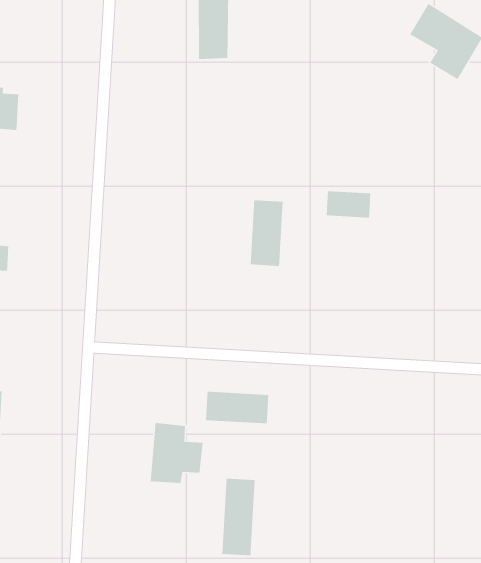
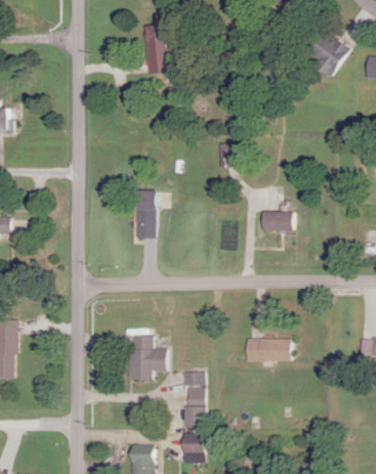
building: [326,190,371,218] -> [259,212,291,230]
building: [250,200,283,267] -> [132,190,154,238]
building: [205,391,269,424] -> [243,339,288,360]

